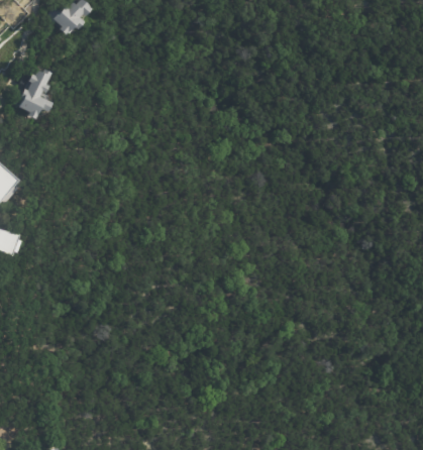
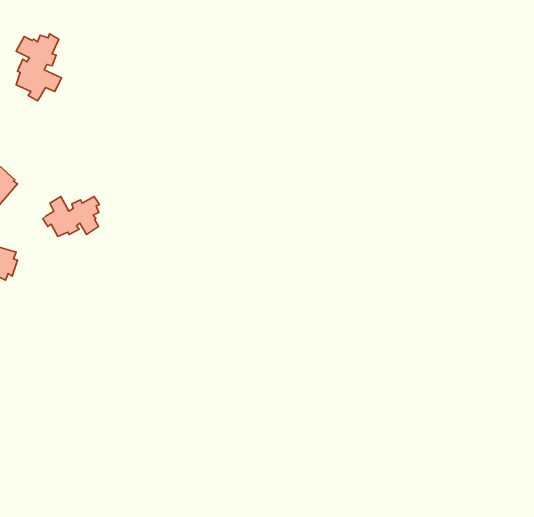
building: none -> [43,197,99,236]

